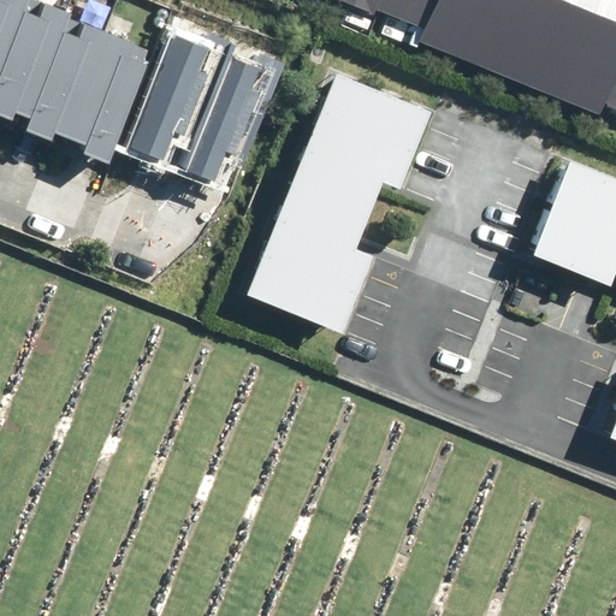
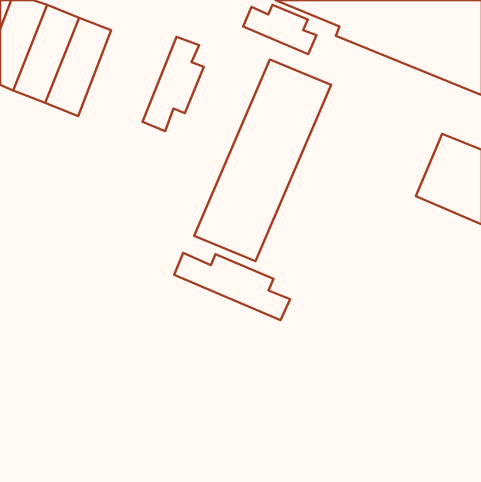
building: none -> [243,5,317,54]
building: [125,26,202,147] -> none
building: none -> [174,253,290,320]

